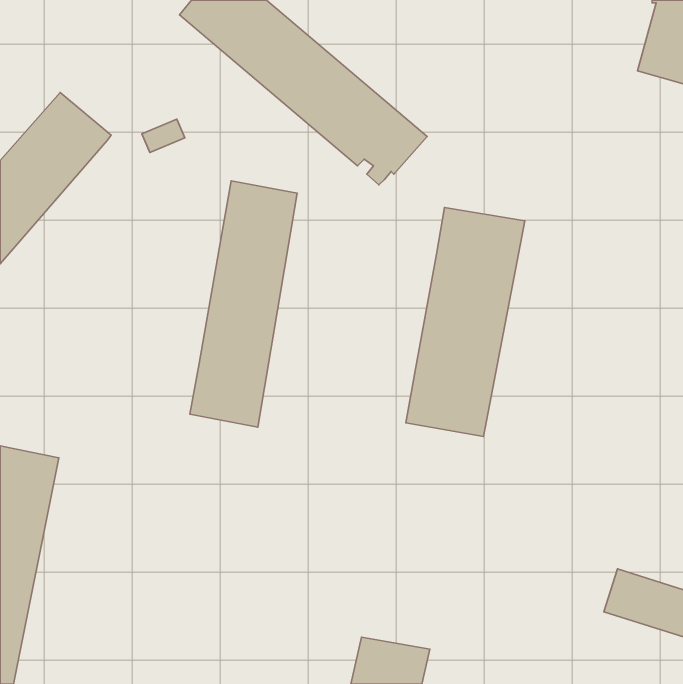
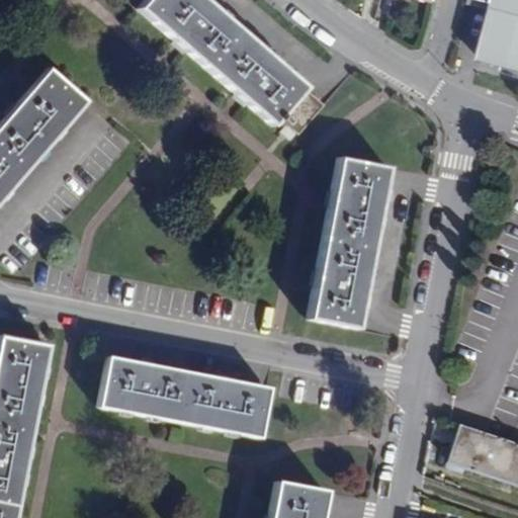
building: [190,181,297,427] -> none
building: none -> [93,350,263,429]

